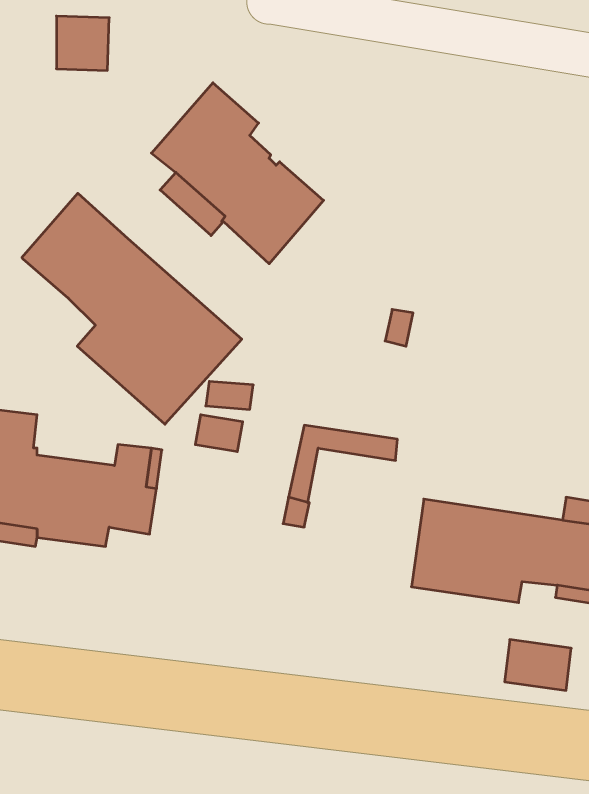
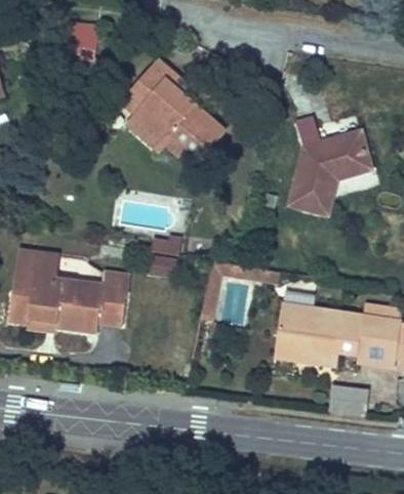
building: none -> [289,117,371,213]
building: [22,193,242,424] -> none

